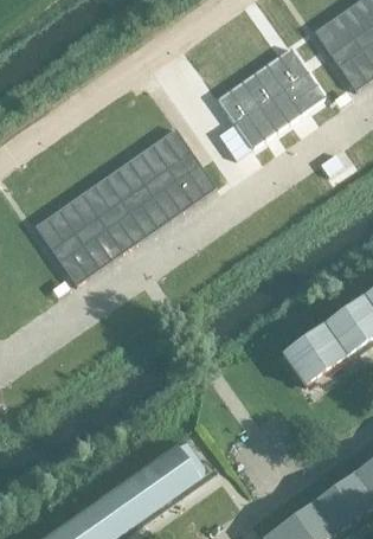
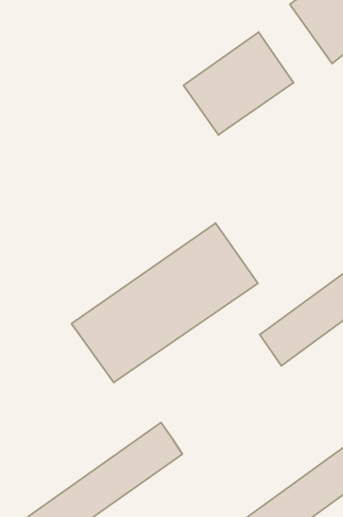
building: [34,127,217,283] -> [72,223,258,383]

